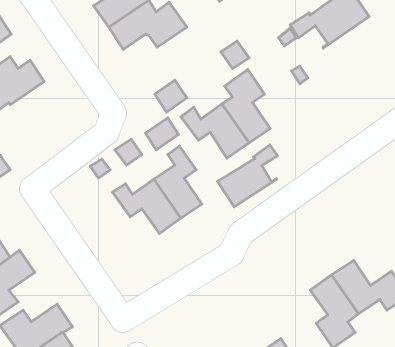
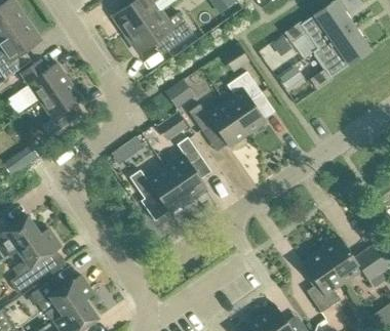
building: none -> [310,25,370,89]
building: none -> [40,81,82,136]
building: [218,145,277,207] -> none

